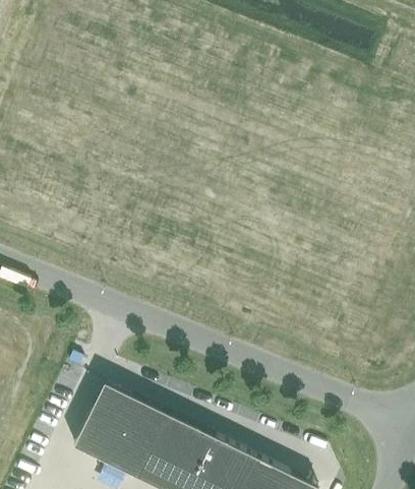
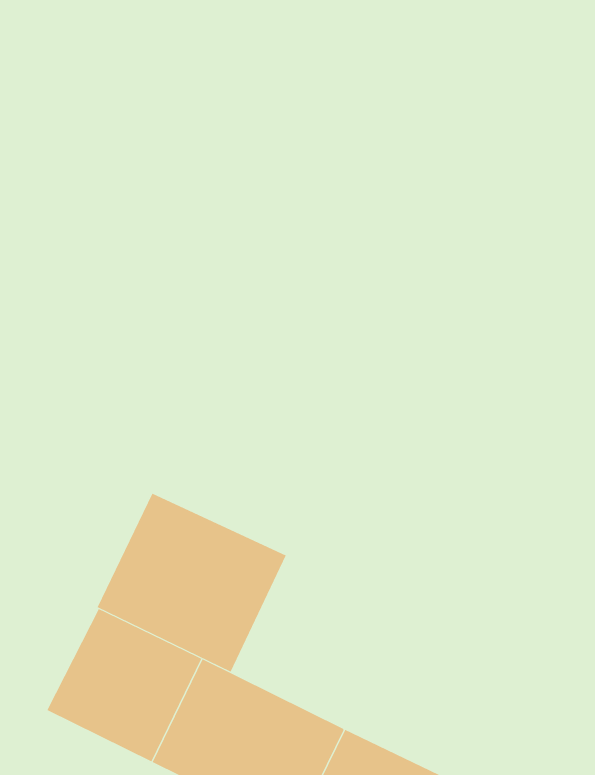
building: none -> [97,493,286,672]

